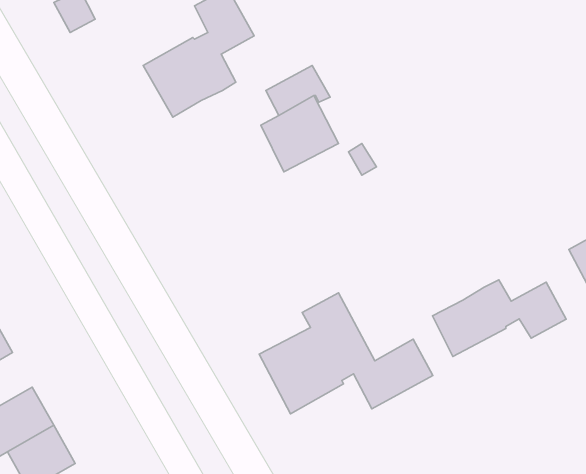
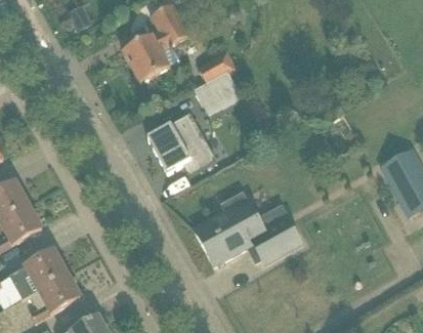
building: none -> [145,111,215,173]
building: [432,280,566,357] -> none

